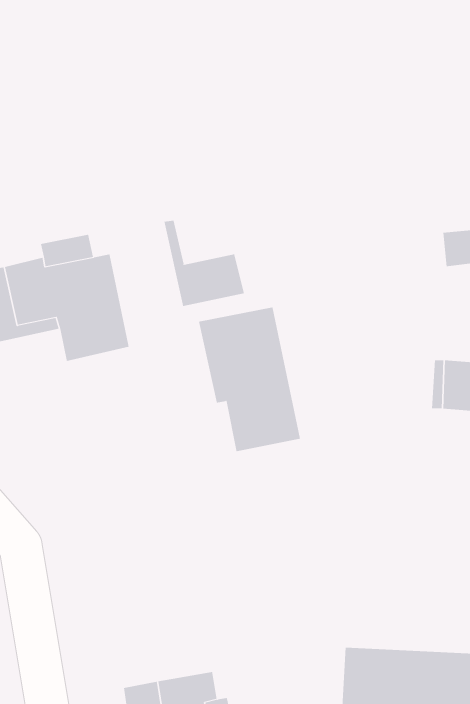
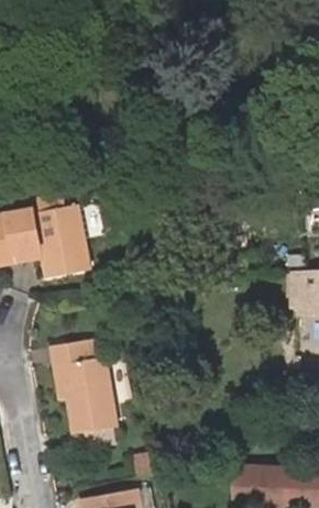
building: [164,220,245,307] -> none
building: [198,307,301,452] -> [50,334,119,432]

